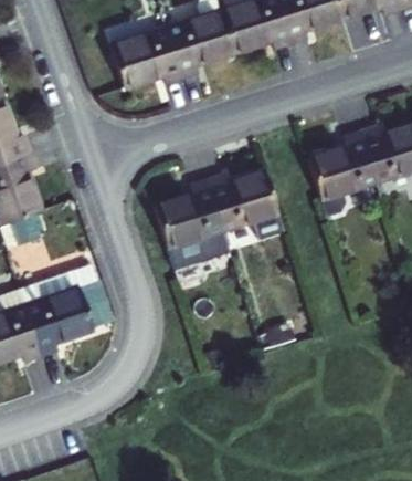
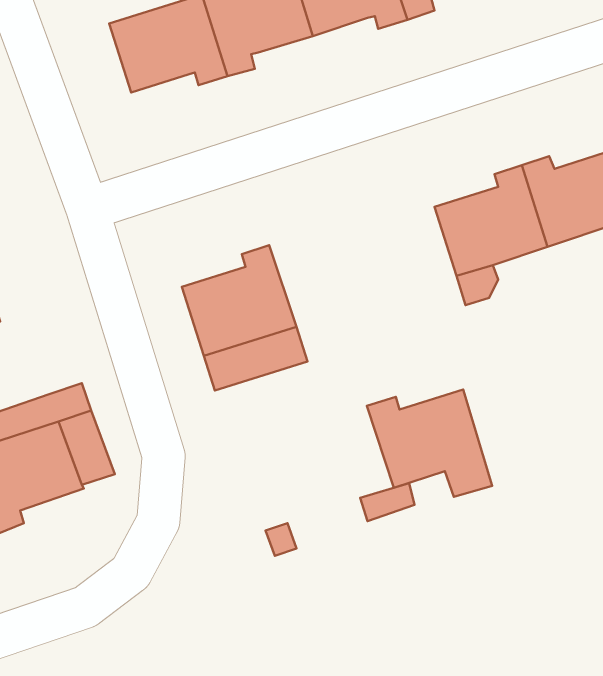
building: [207,170,283,236] -> [367,390,492,497]

